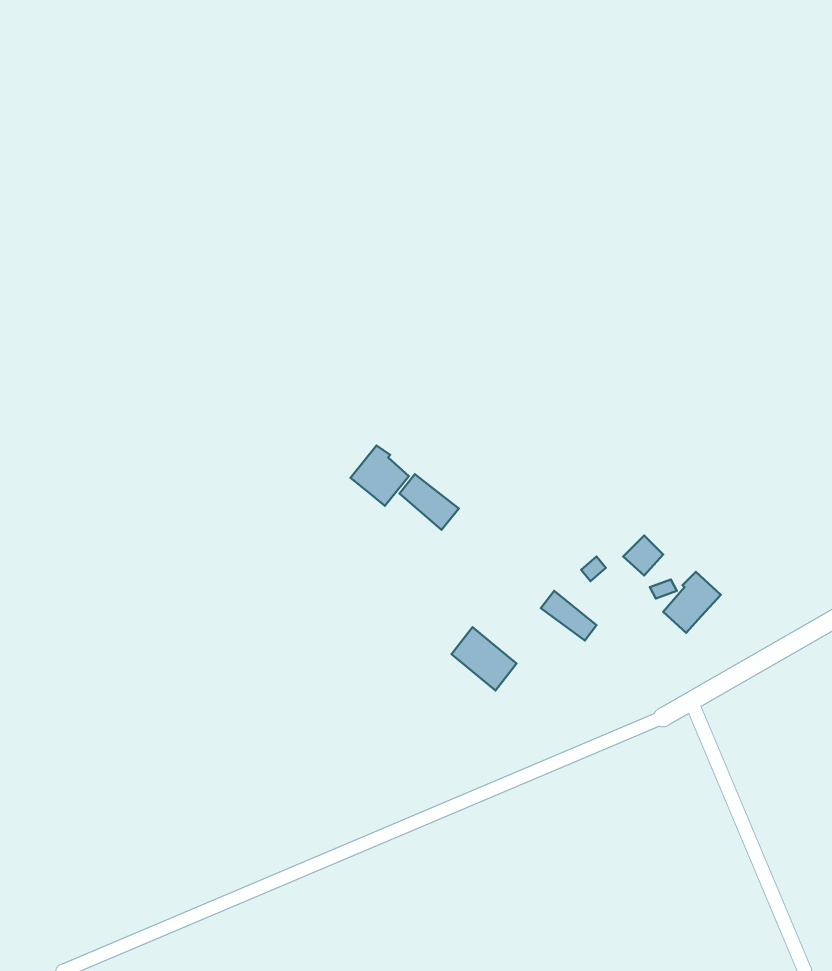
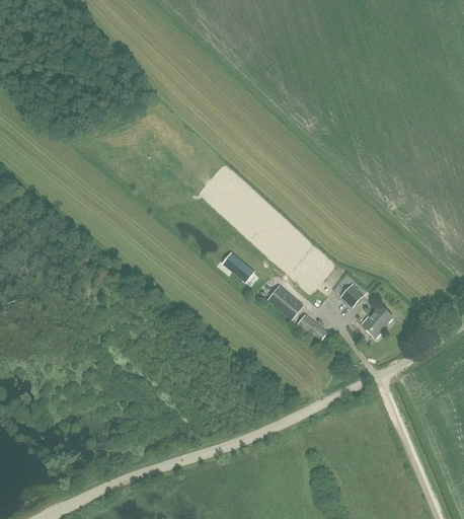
building: [351,445,409,506] -> none
building: [452,627,517,690] -> [267,286,302,319]

